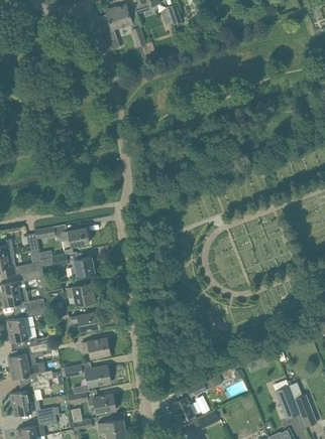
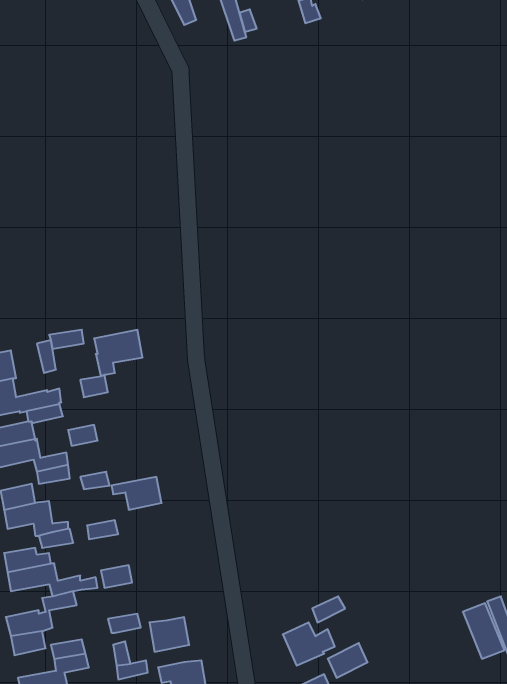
building: [69,256,94,277] -> none
building: [66,283,94,304] -> none
building: [81,337,109,357] -> none
building: [84,365,110,387] -> none

